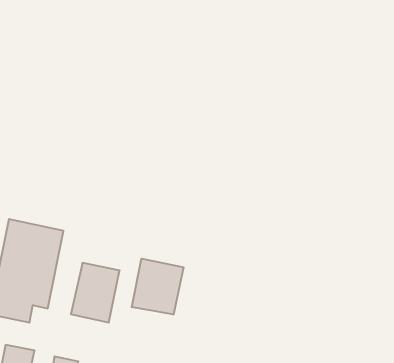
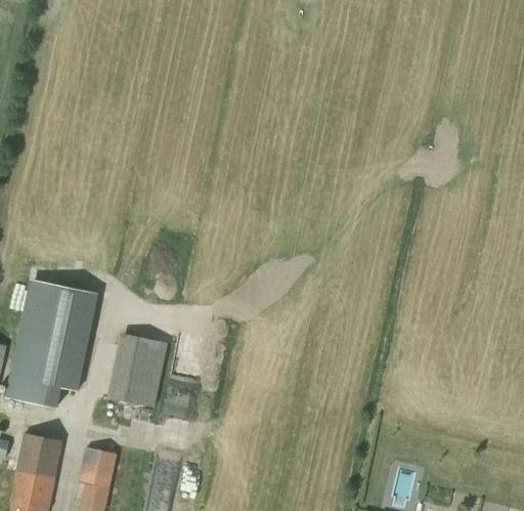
building: [132,259,183,315] -> none

